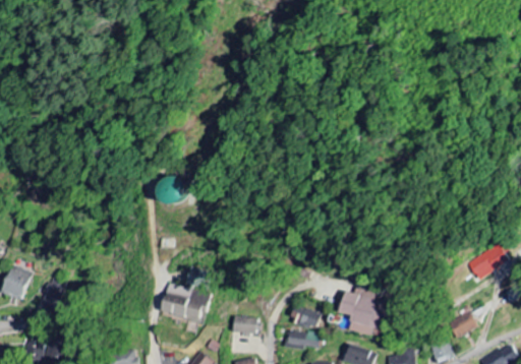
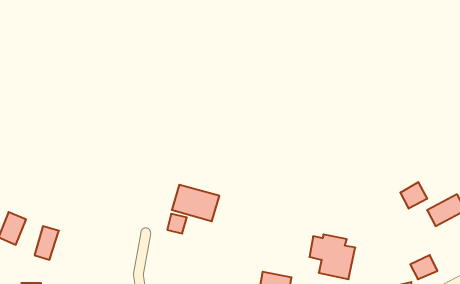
building: none -> [400,182,427,209]
building: [159,283,211,322] -> [172,185,219,221]
building: [290,305,321,330] -> none
building: [231,316,259,333] -> none

